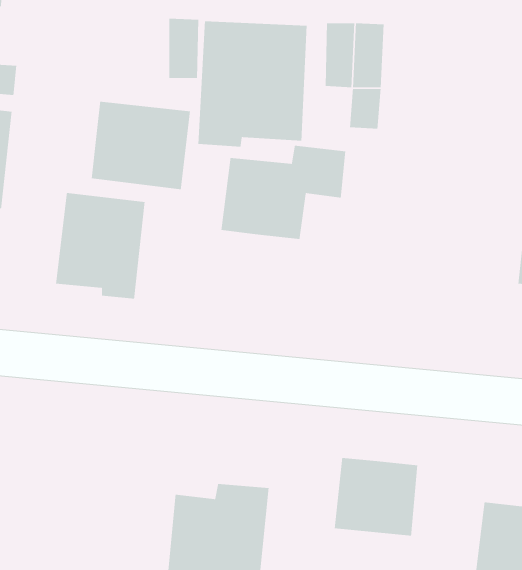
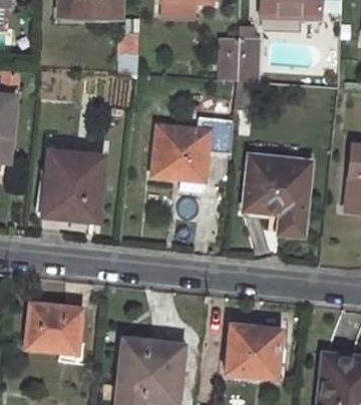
building: [198,20,307,147] -> none
building: [91,101,191,190] -> none
building: none -> [244,155,309,236]
building: none -> [24,303,80,353]

